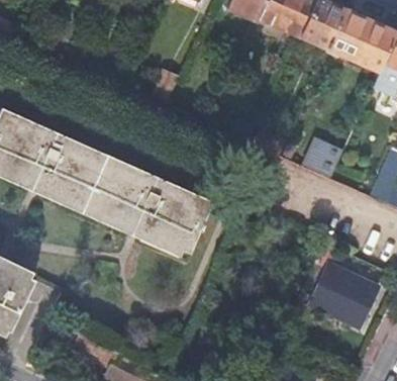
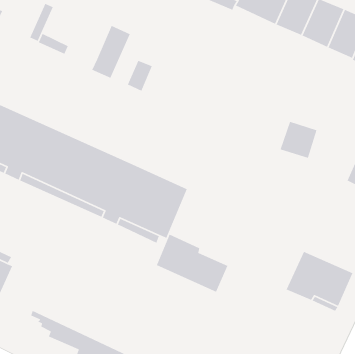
building: none -> [91,25,131,79]
building: none -> [156,234,229,293]

